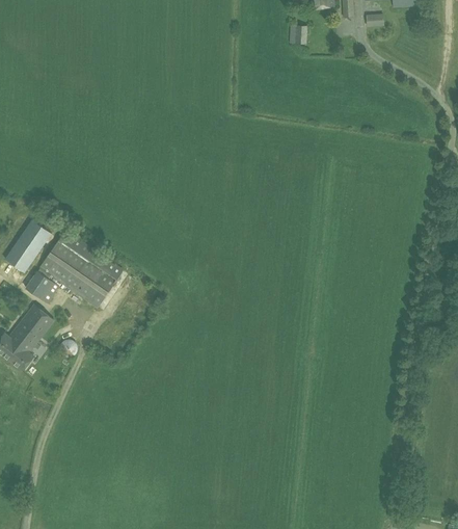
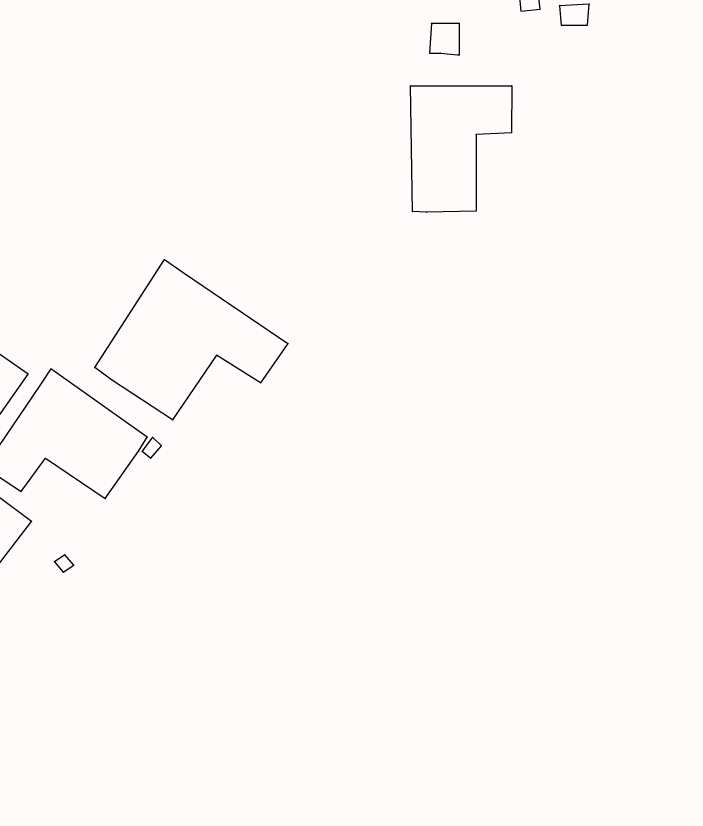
building: none -> [410,86,512,212]
building: none -> [95,260,288,420]

